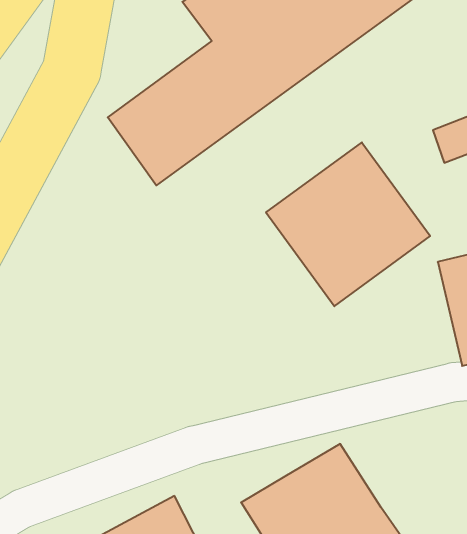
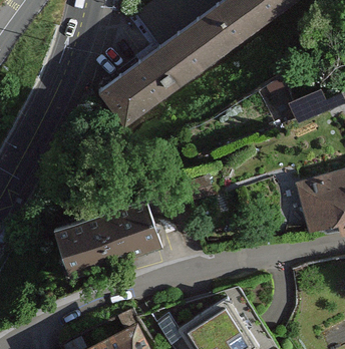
building: [266,142,430,306] -> none
building: none -> [50,202,159,281]

